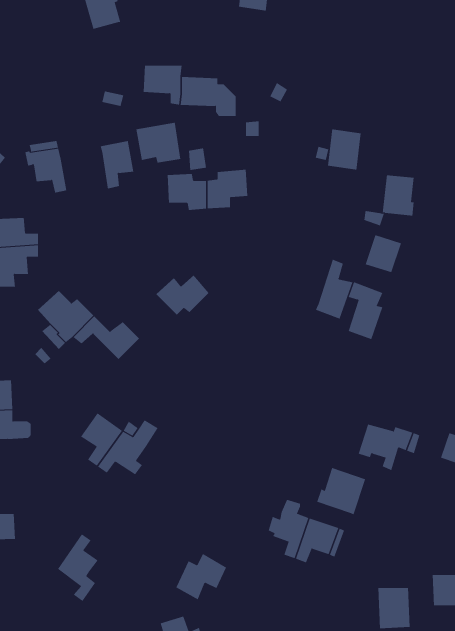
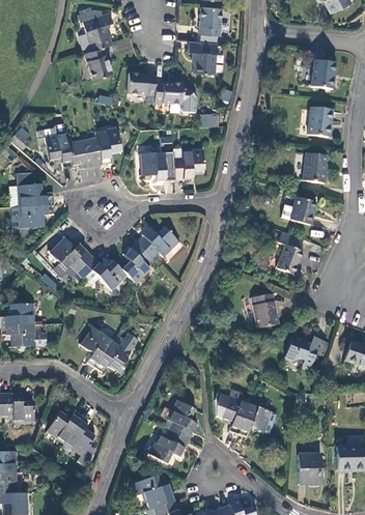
building: none -> [188,38,217,73]
building: none -> [83,42,117,77]
building: none -> [310,60,335,90]
building: [136,122,181,163] -> [67,137,101,167]
building: [327,129,361,170] -> [306,107,331,137]
building: [315,259,353,319] -> none
building: none -> [120,240,151,282]
building: none -> [250,292,277,326]
building: [317,467,366,515] -> none
building: none -> [168,400,196,439]
building: none -> [47,408,82,440]

